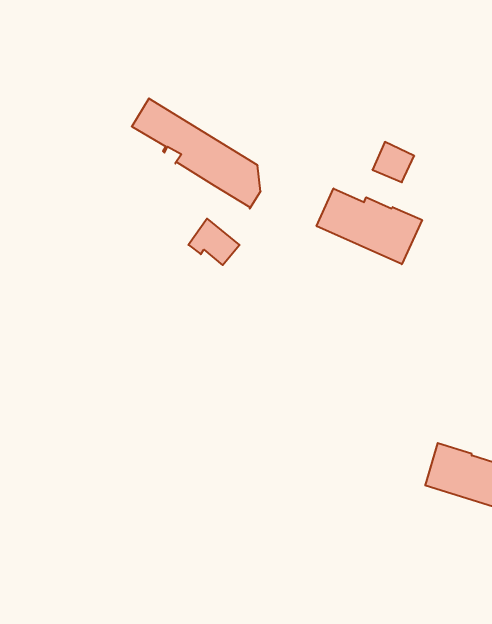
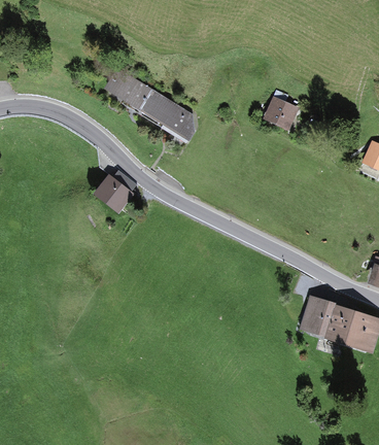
building: [317,188,422,264] -> none
building: [188,219,240,265] -> [97,177,131,208]

